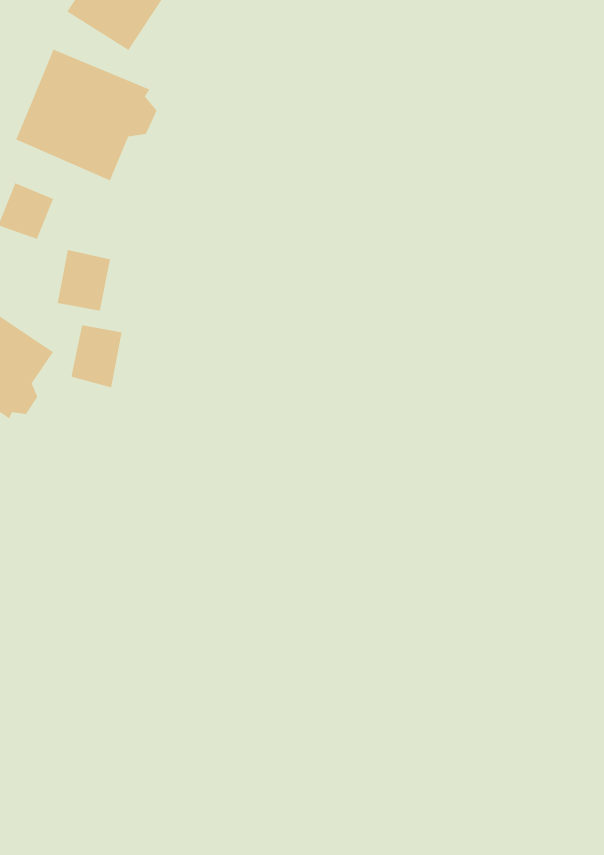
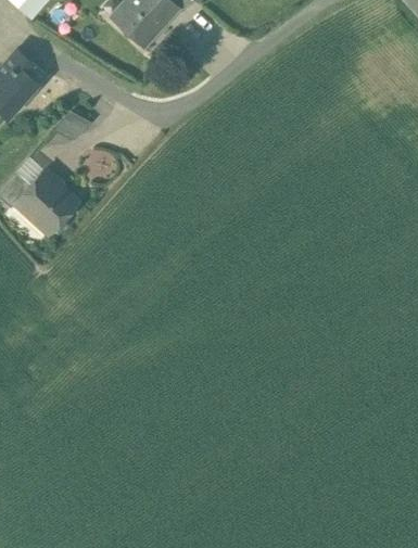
building: [15,49,157,181] -> none
building: [71,324,122,388] -> none

